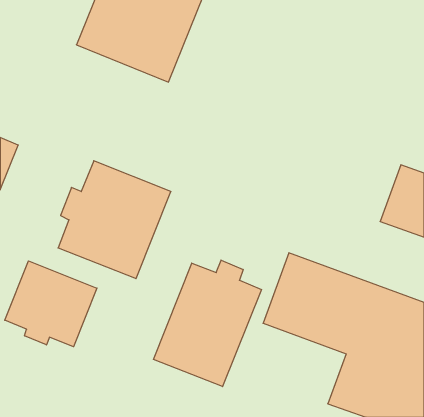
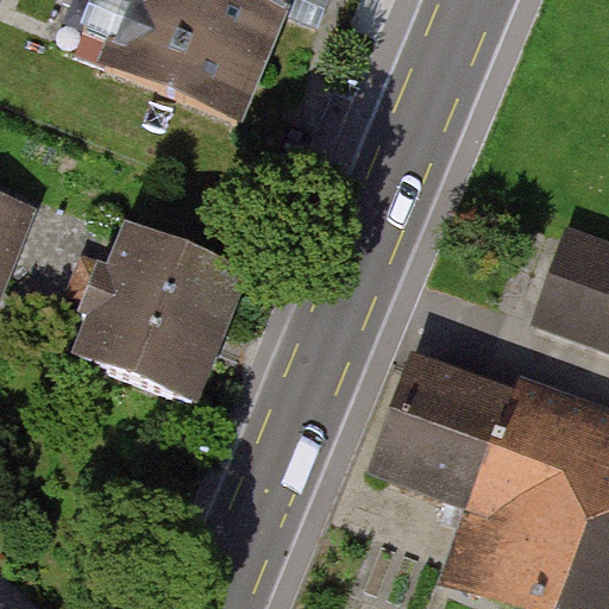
building: [153,260,262,387] -> none
building: [5,261,97,347] -> none

